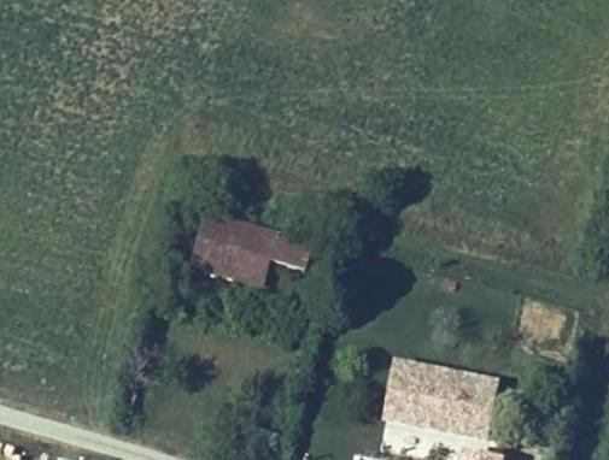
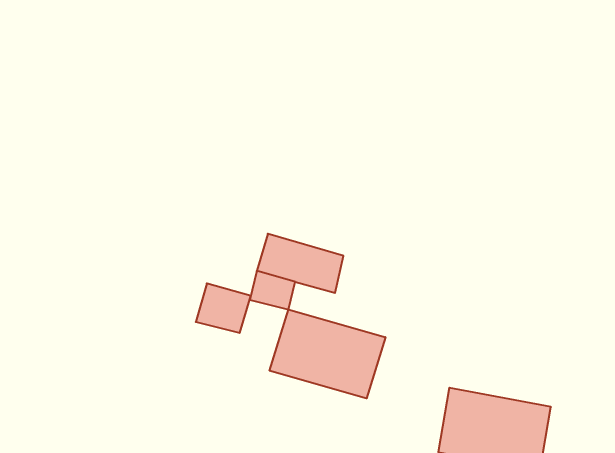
building: [195,219,244,263] -> [196,283,251,333]
building: none -> [270,309,385,398]

